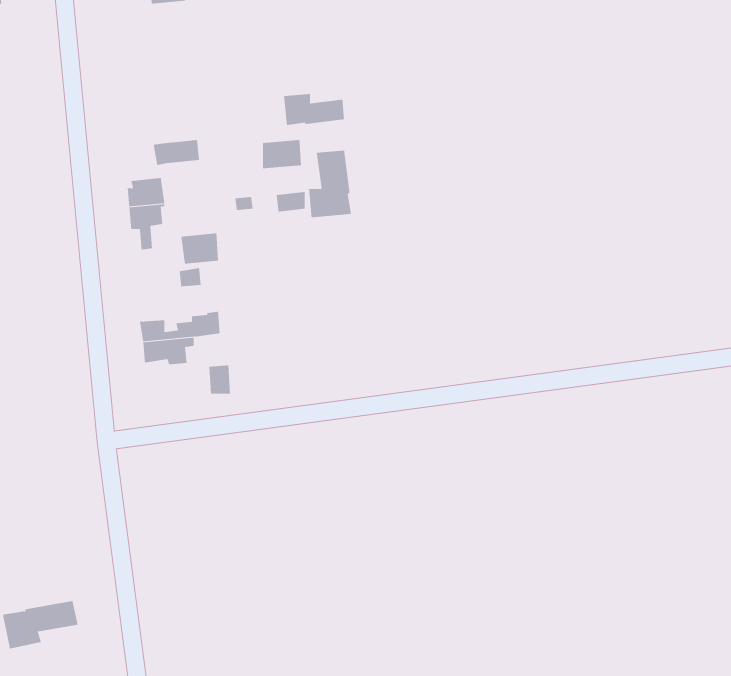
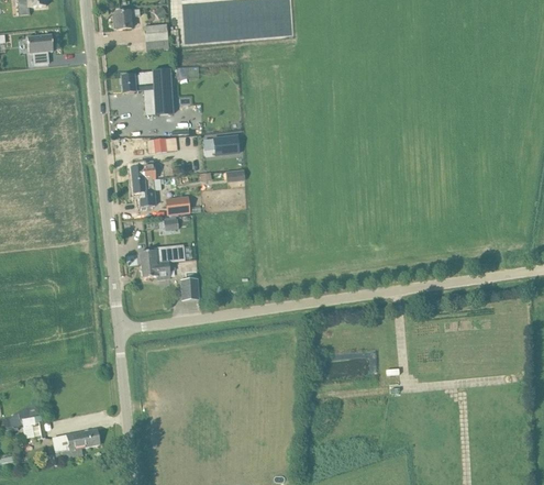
building: none -> [121,68,173,113]
building: [284,93,345,126] -> none
building: [309,150,351,218] -> none

